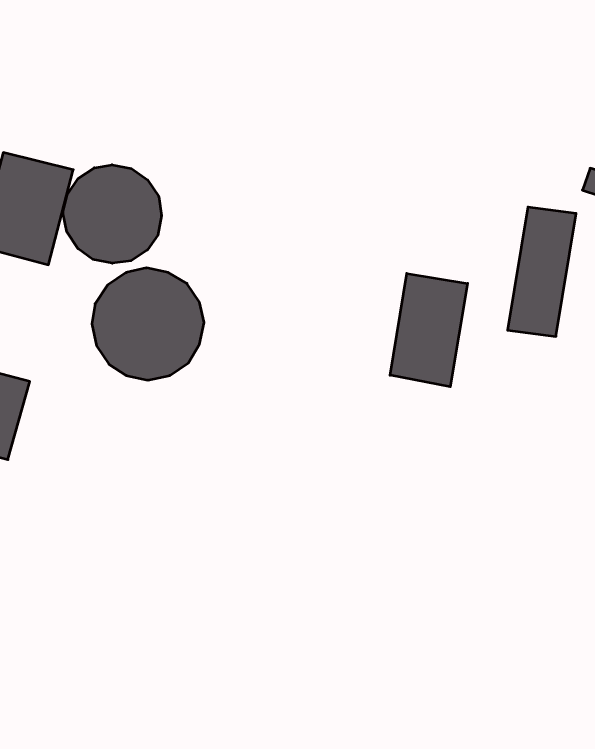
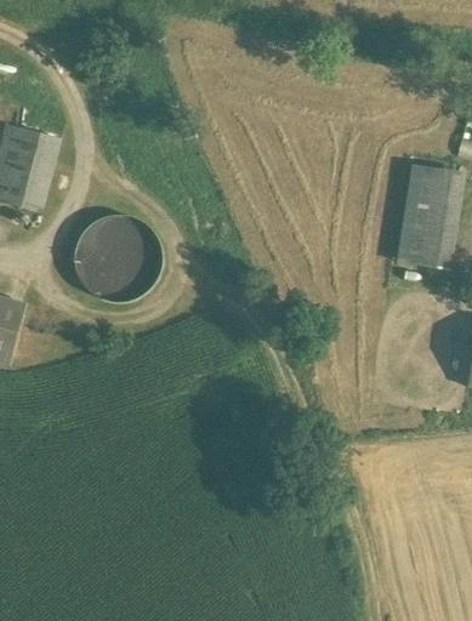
building: [63,165,161,263] -> none
building: [390,273,468,387] -> none

